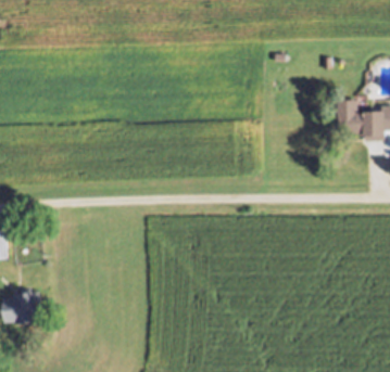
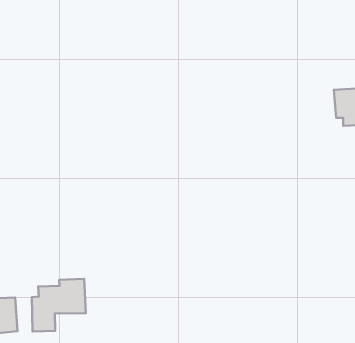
building: none -> [32,279,86,332]

